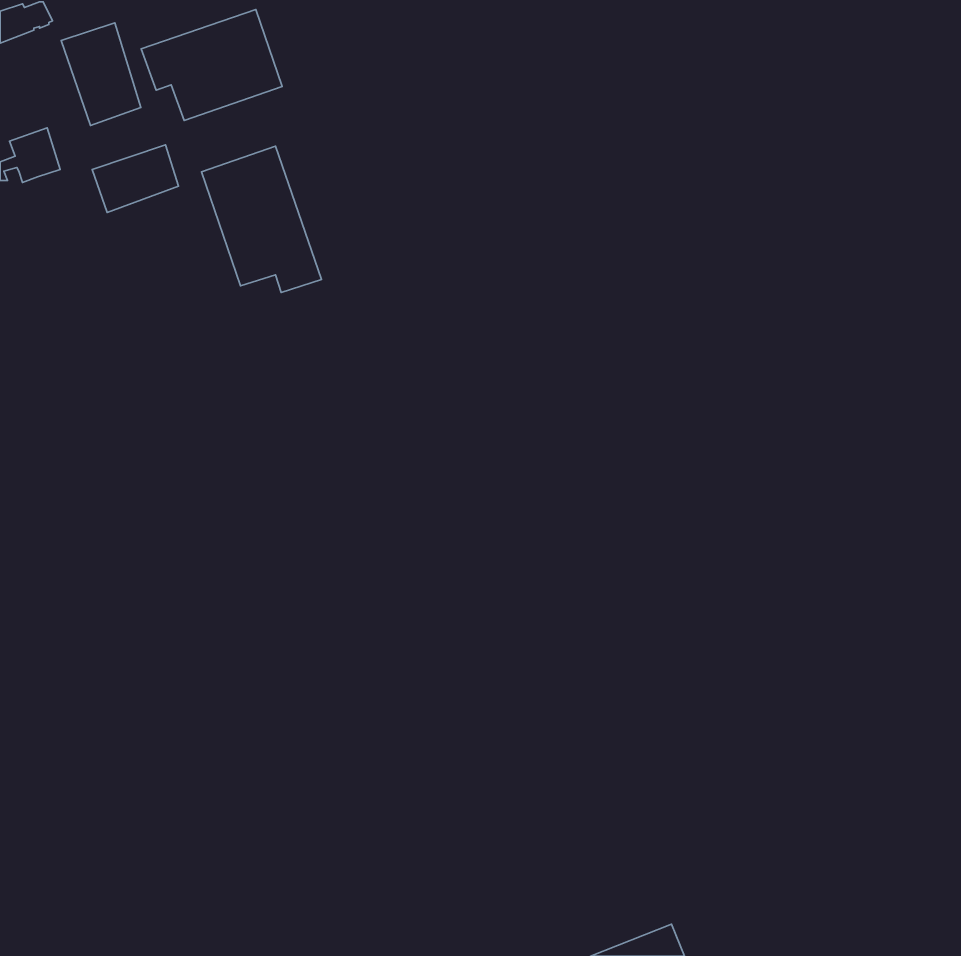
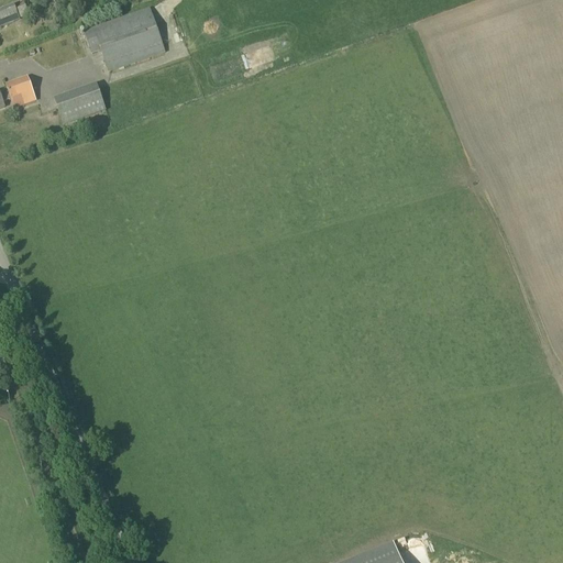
building: [61,23,141,125] -> none
building: [201,146,321,293] -> none

